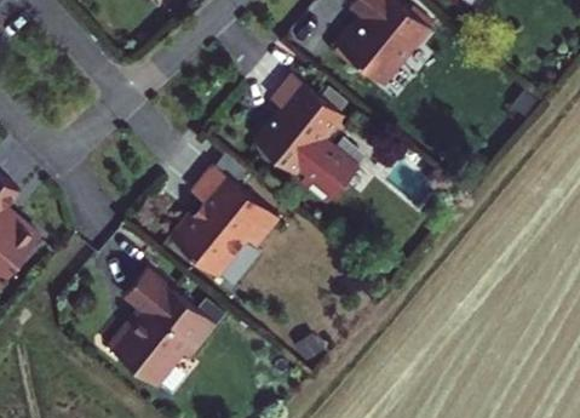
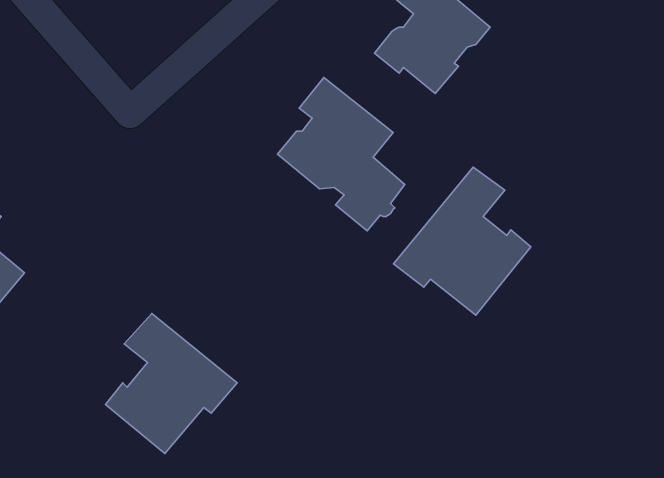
building: none -> [394,167,531,315]
building: [170,162,280,274] -> none

